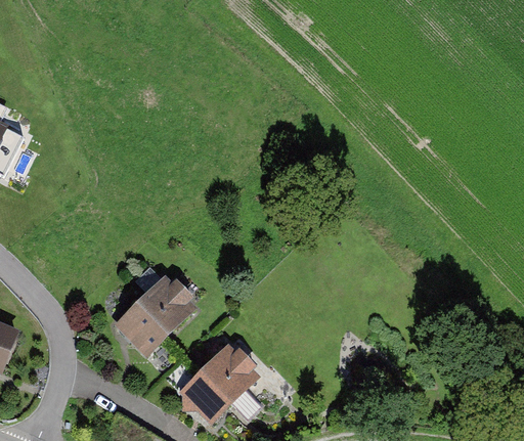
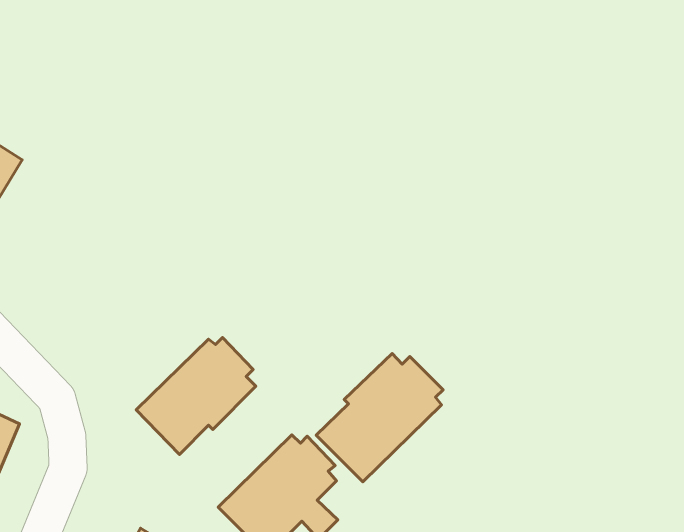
building: none -> [316,354,443,482]

